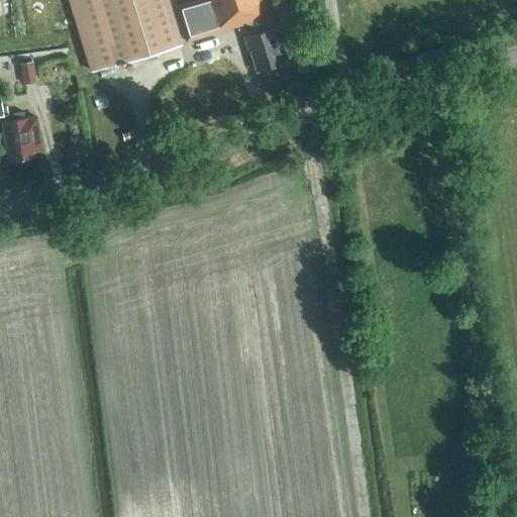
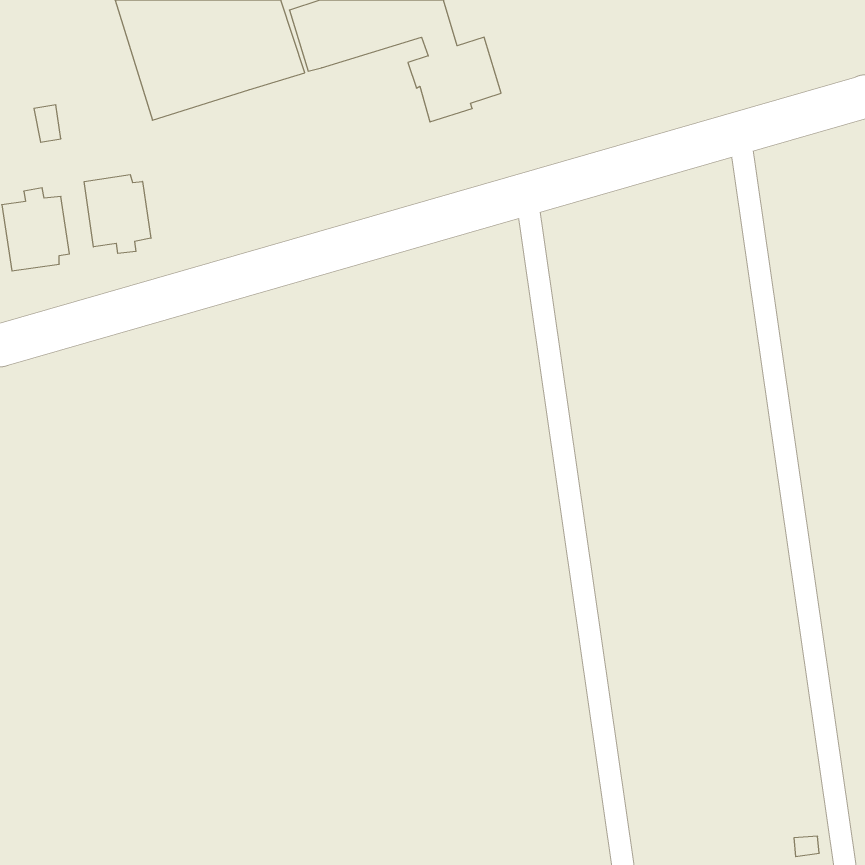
building: none -> [84,175,151,253]

